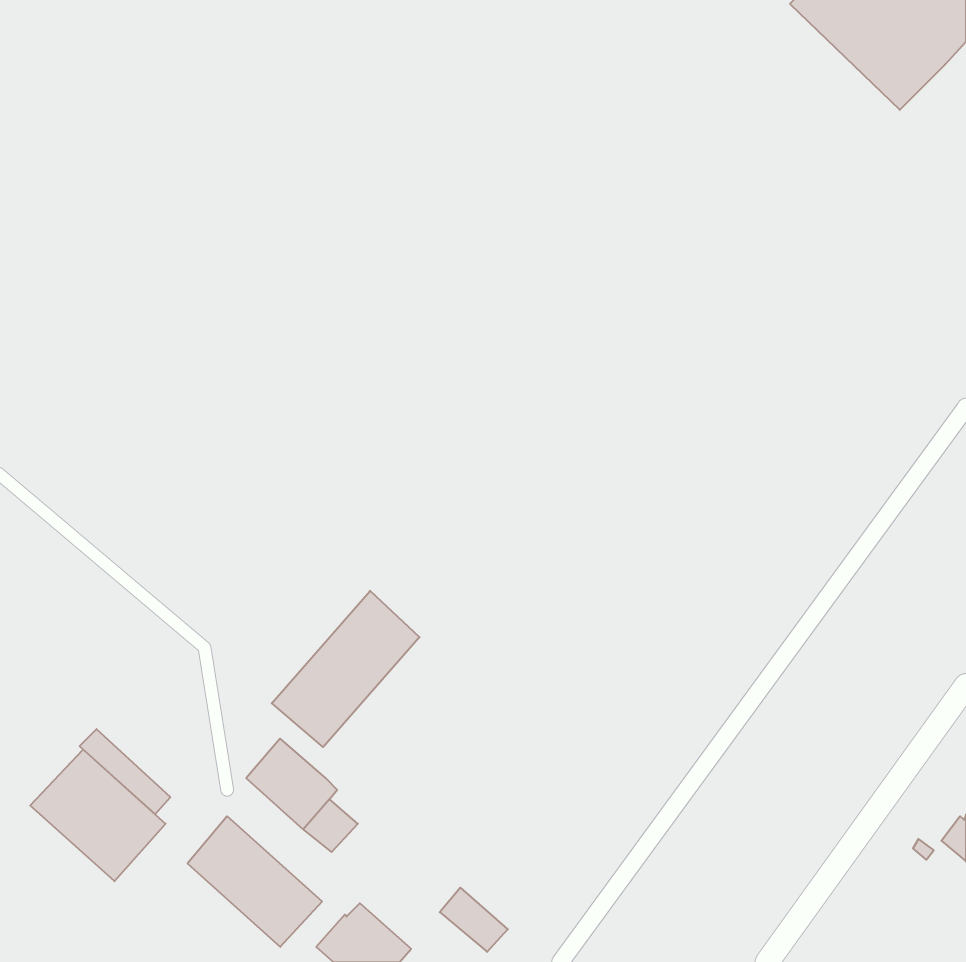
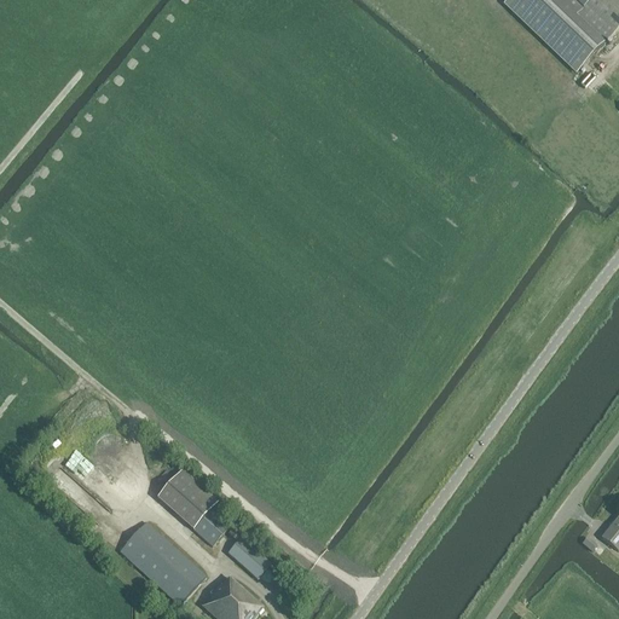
building: [272,591,420,747] -> none
building: [30,749,166,881] -> none
building: [440,888,508,952] -> [227,537,271,578]

